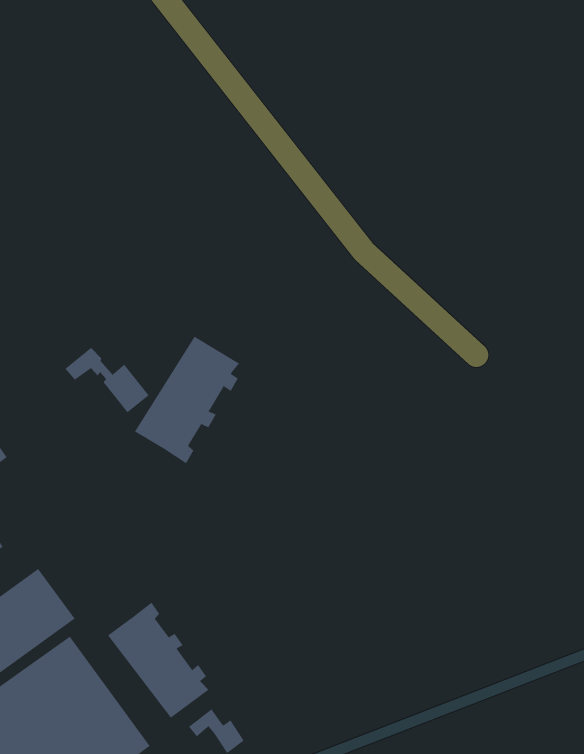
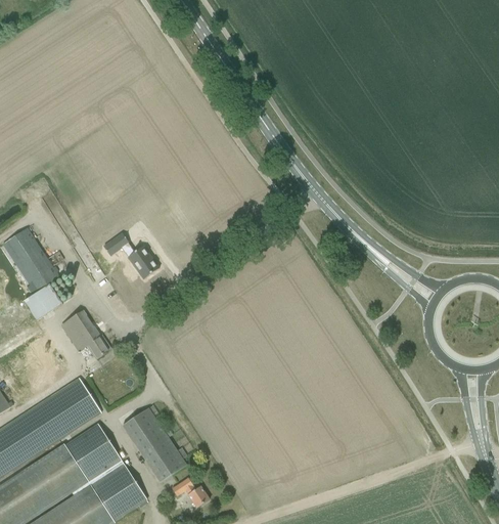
building: [134,336,240,464] -> none
building: none -> [61,310,109,358]

